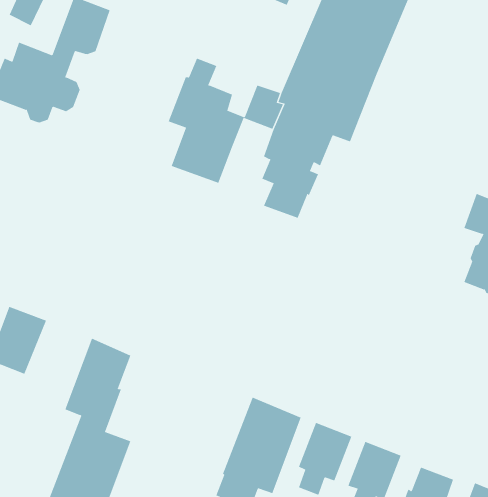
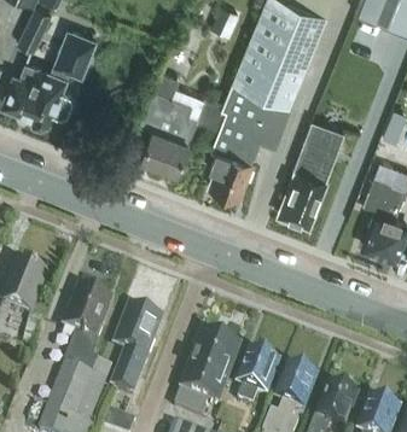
building: none -> [280,116,344,221]
building: none -> [111,303,161,392]

